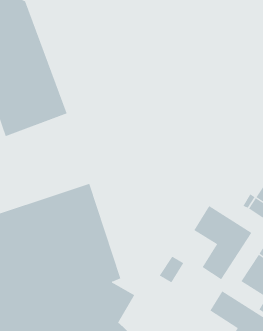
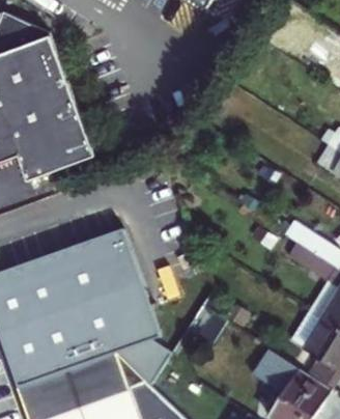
building: [194,205,252,280] -> none

